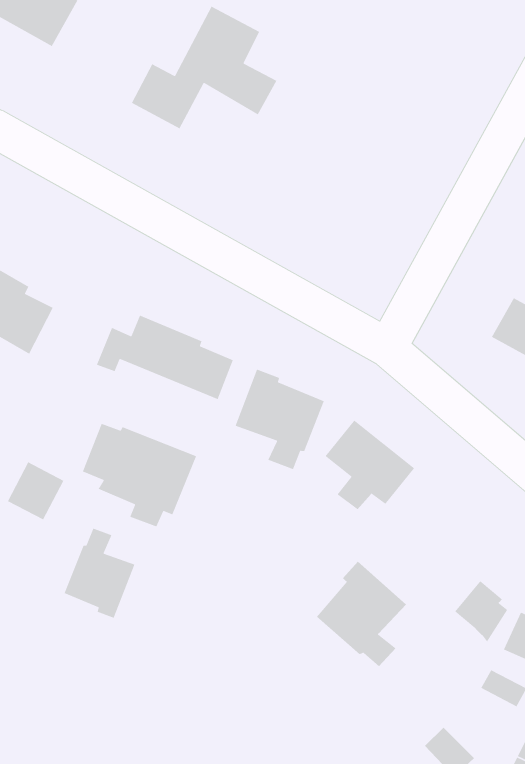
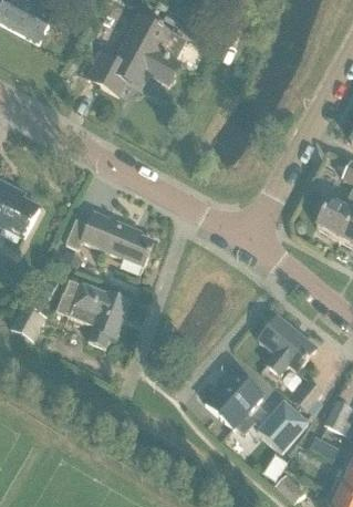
building: [234,368,325,470] -> none
building: [324,419,415,510] -> [258,315,315,373]
building: [64,527,136,619] -> none
building: none -> [257,397,309,451]

